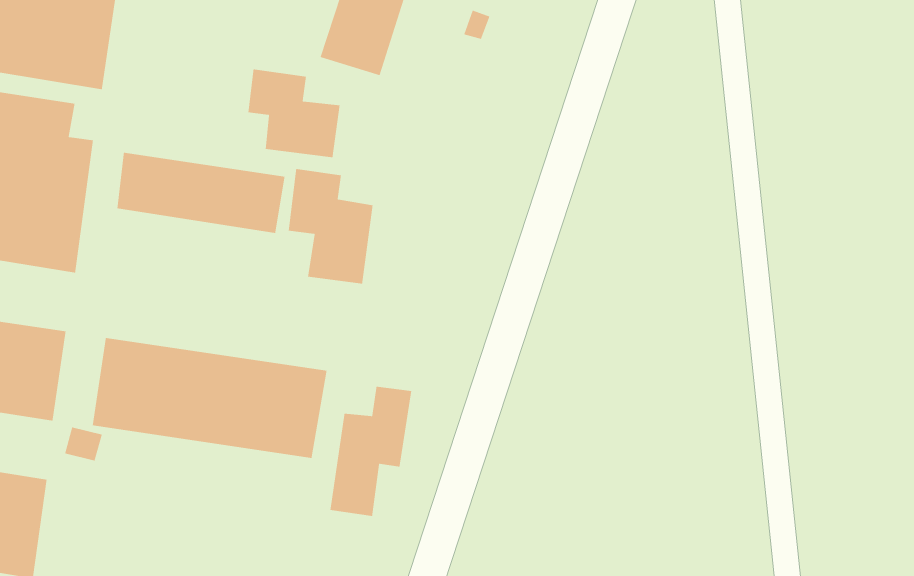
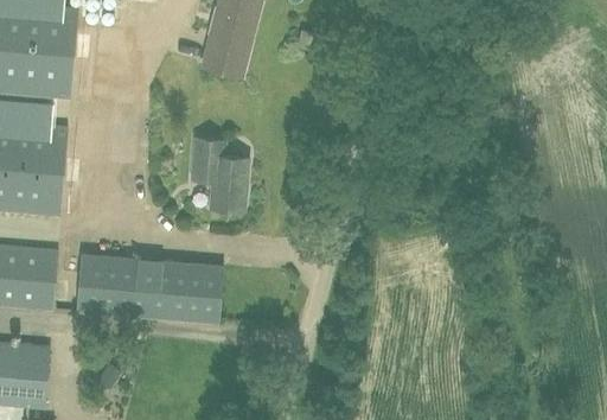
building: [247,68,340,158] -> none
building: [117,152,285,234] -> none
building: [330,386,412,517] -> none

